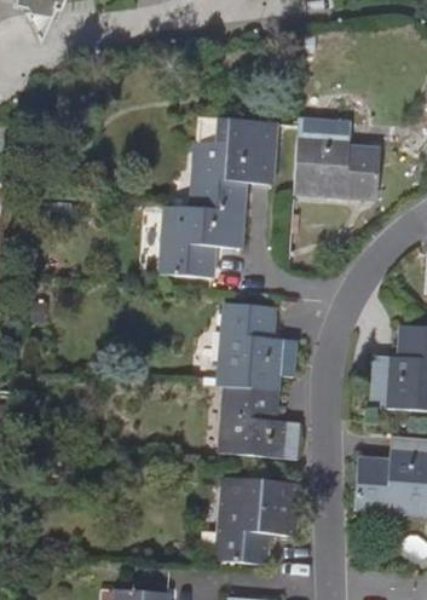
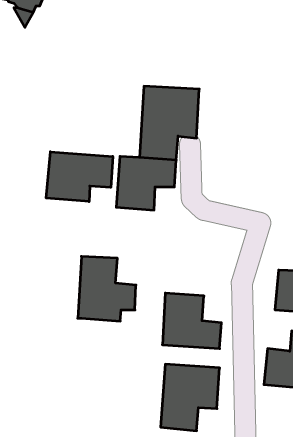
building: [295,119,376,195] -> none
building: none -> [46,152,113,202]
building: [220,304,296,388] -> [78,256,136,321]

